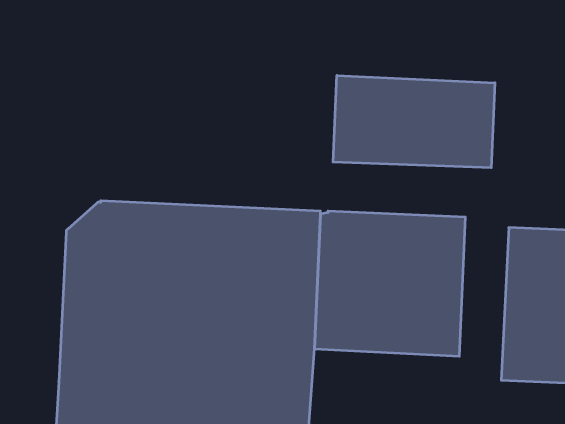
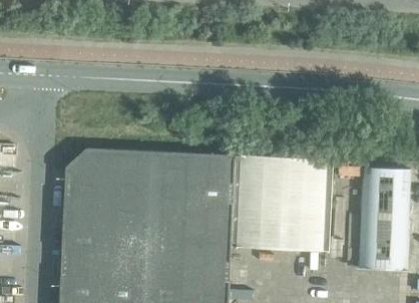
building: [333,75,495,168] -> none

